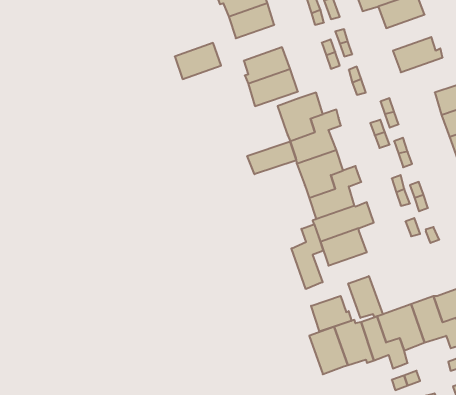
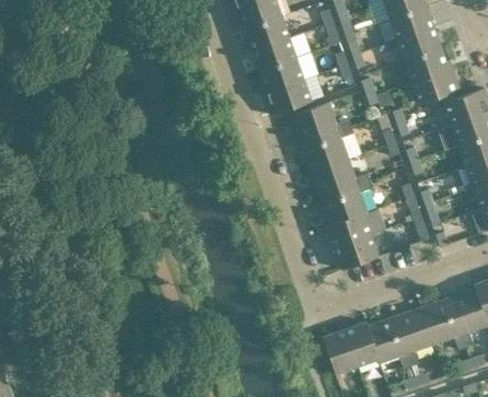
building: none -> [398,27,442,62]
building: [175,43,221,79] -> [253,37,298,72]
building: none -> [413,69,461,104]
building: [247,141,296,174] -> none
building: [291,224,323,289] -> none
building: [348,276,383,318] -> none
building: [311,296,351,332] -> none

